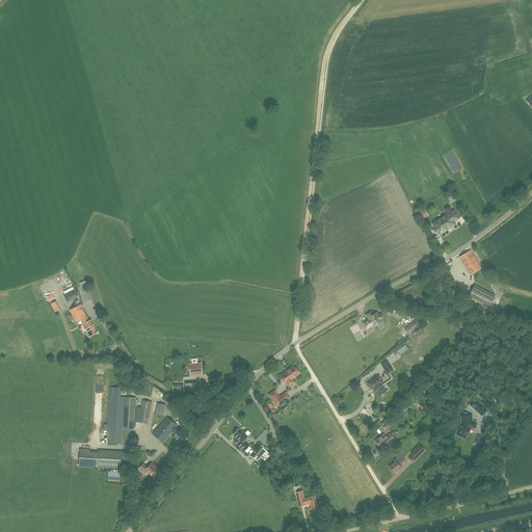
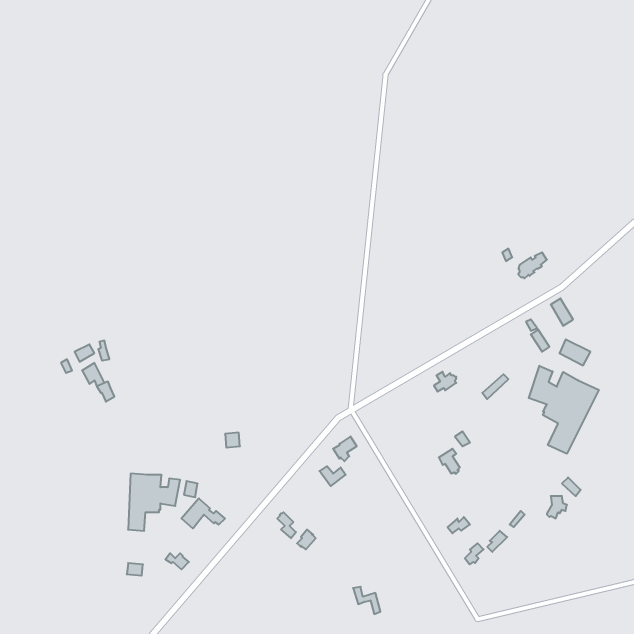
building: none -> [529,366,599,454]
building: [78,449,121,468] -> none

